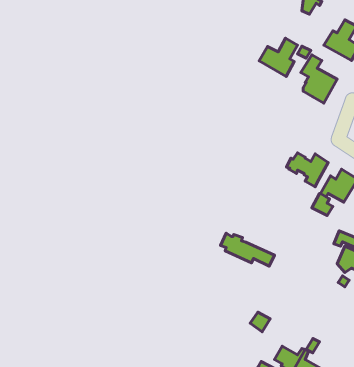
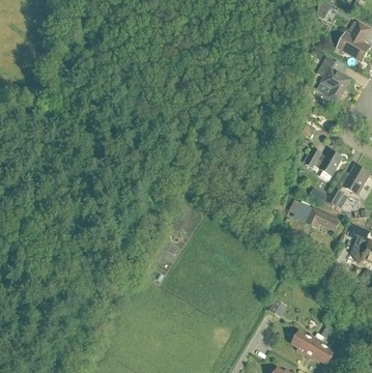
building: [259,38,297,76] -> none
building: [221,233,275,266] -> [289,199,340,230]

